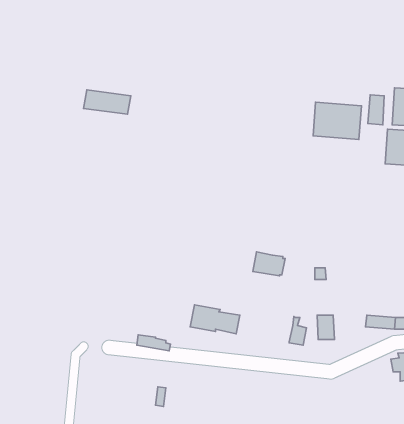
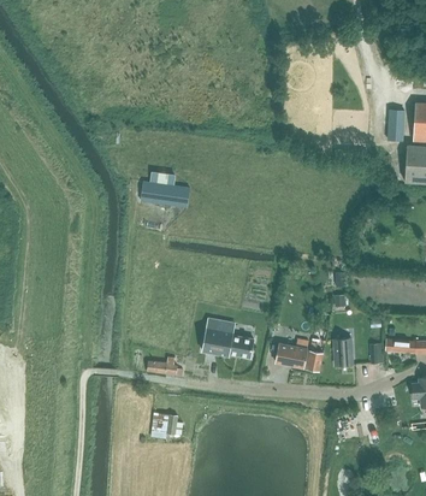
building: [84,90,131,114] -> [140,181,189,206]
building: [313,102,361,139] -> none
building: [253,252,285,276] -> [274,342,308,367]

